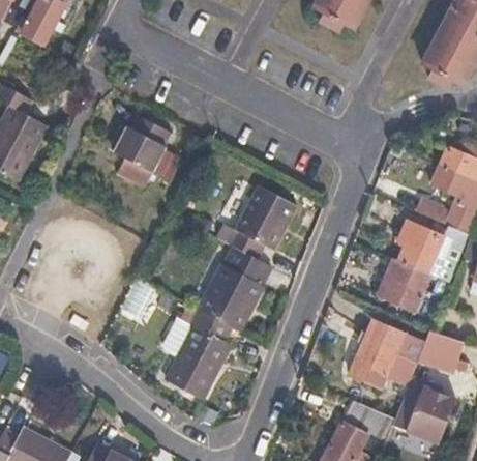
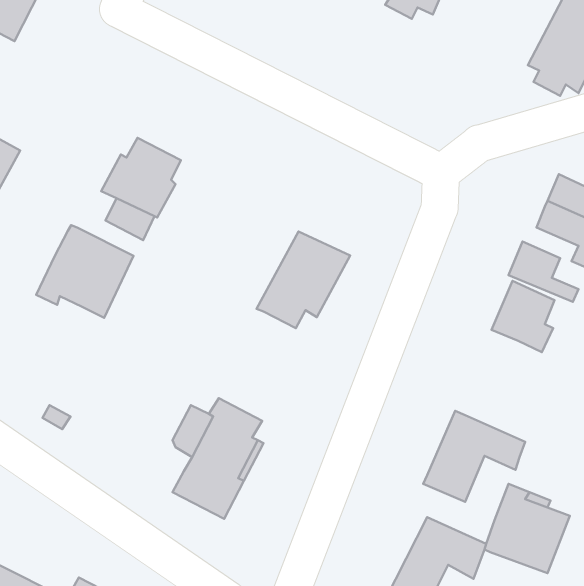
building: none -> [36,225,134,318]
building: [195,246,265,330] -> none
building: [384,259,436,308] -> none
building: [419,329,463,367] -> none

